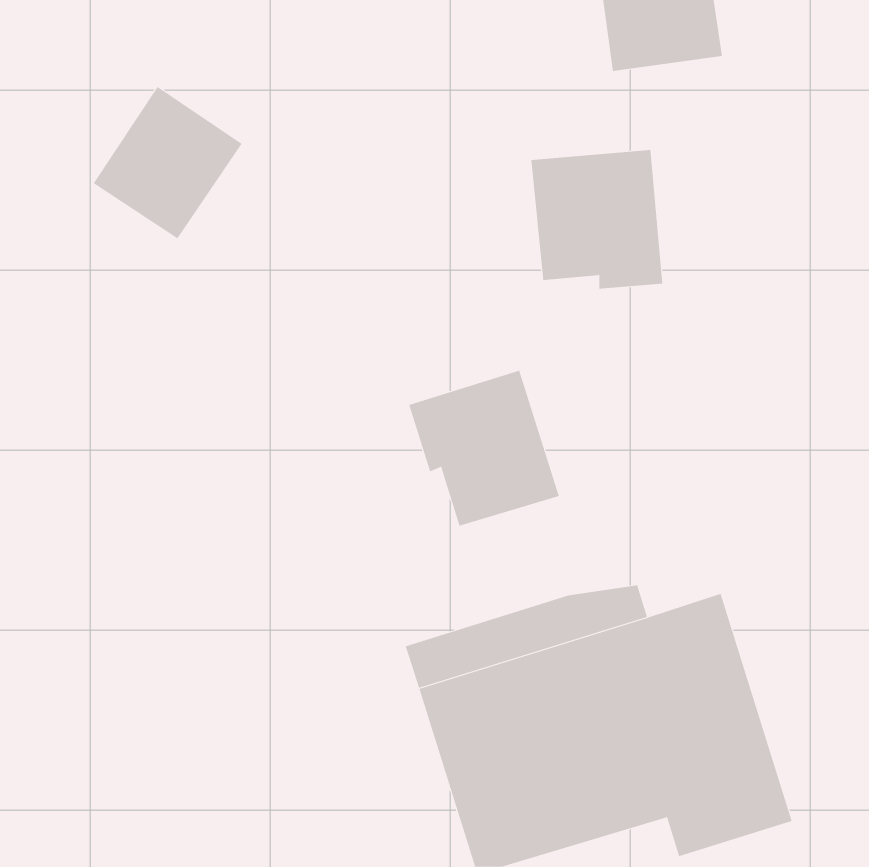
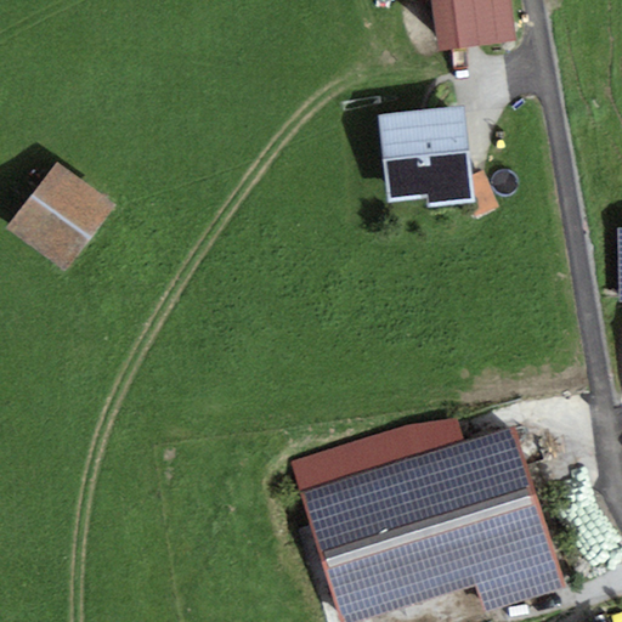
building: [93,86,242,239] -> [7,163,114,272]
building: [408,370,559,526] -> none

